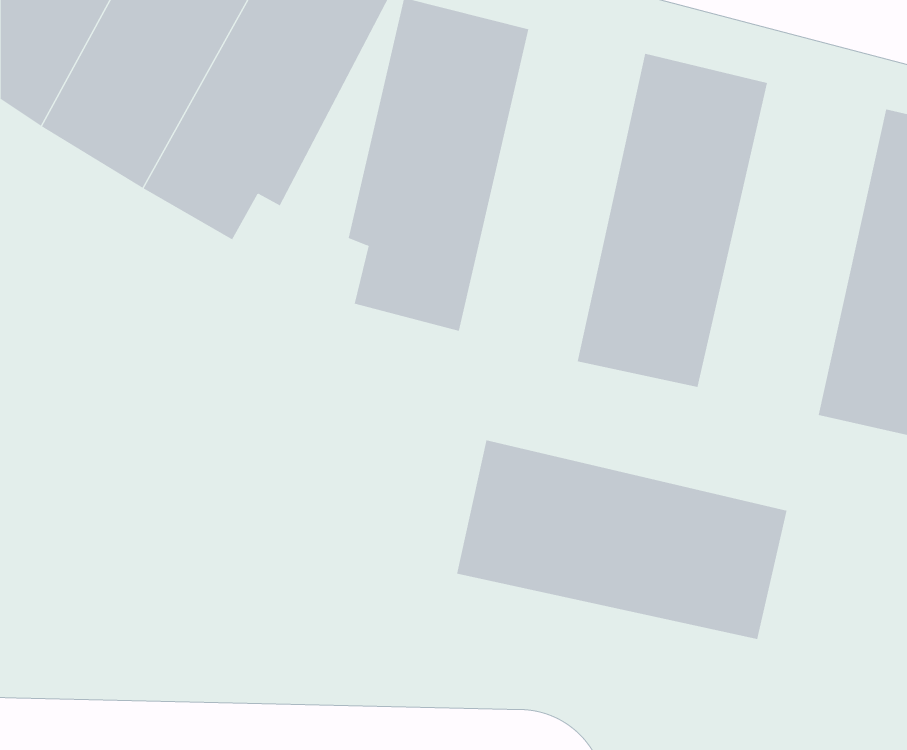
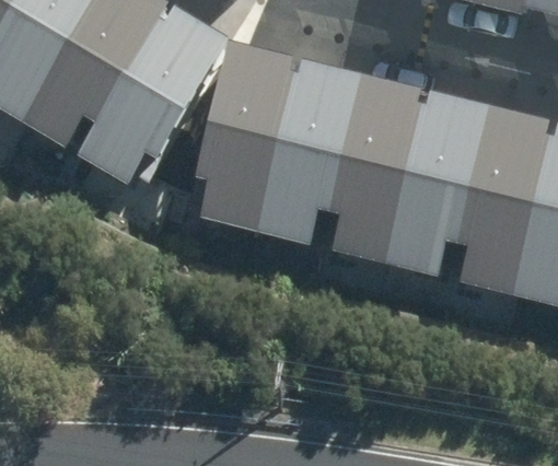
building: none -> [254,65,356,247]
building: none -> [385,94,488,277]
building: [457,439,787,640] -> none

